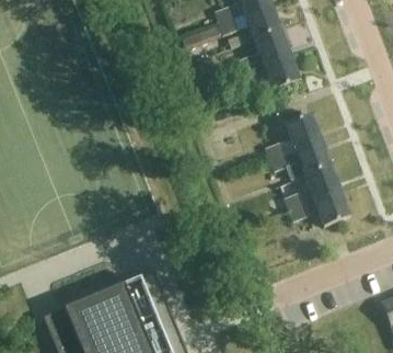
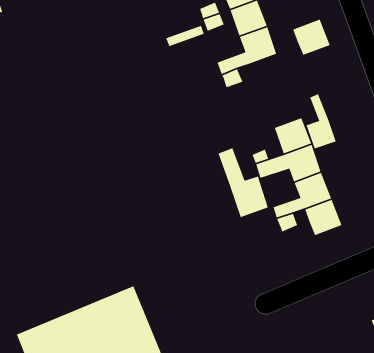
building: [263,54,299,89] -> [292,19,331,56]
building: none -> [305,93,337,150]
building: none -> [217,147,269,218]

